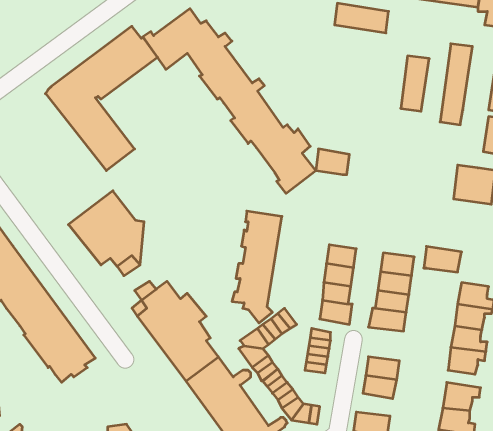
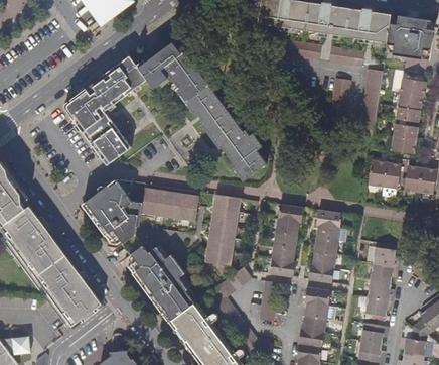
building: none -> [329,46,364,67]
building: [316,149,349,175] -> [276,203,301,222]
building: none -> [141,187,198,222]
building: [424,246,462,272] -> [314,209,342,228]
building: none -> [302,287,330,306]
building: none -> [296,330,323,347]

